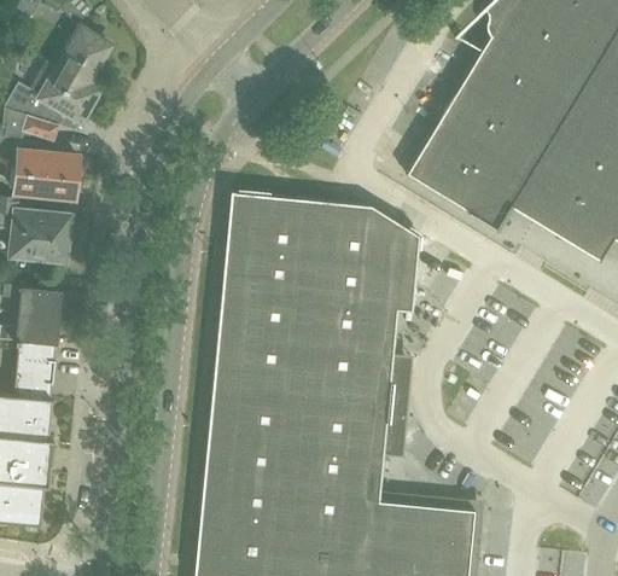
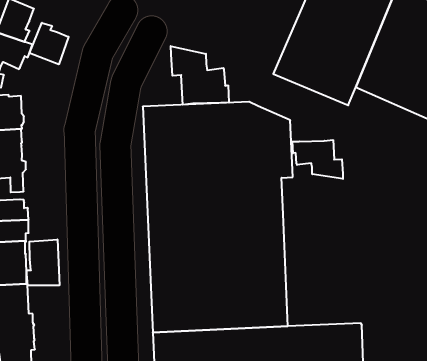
building: none -> [29,23,69,64]
building: none -> [171,46,229,105]
building: none -> [292,140,343,179]
building: none -> [27,239,59,285]

